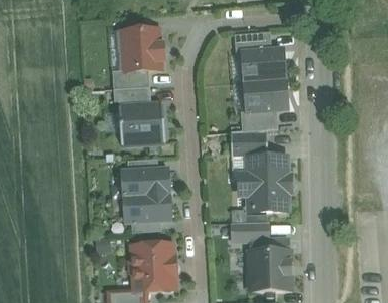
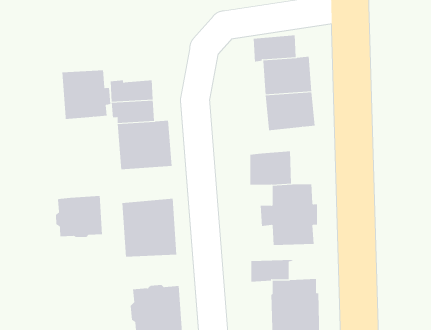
building: [122,30,164,72] -> [61,70,111,119]
building: [241,110,278,132] -> none
building: none -> [55,195,103,238]

